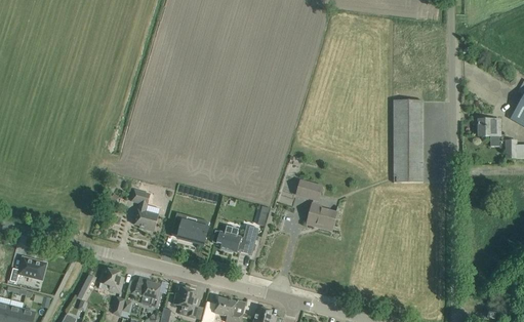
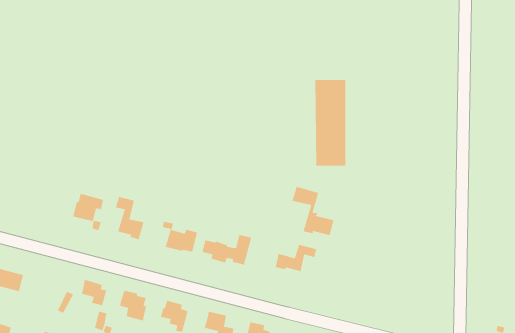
building: [393,99,422,182] -> [314,79,346,167]
building: [478,118,500,146] -> none
building: none -> [72,193,107,231]
building: none -> [275,244,317,272]

